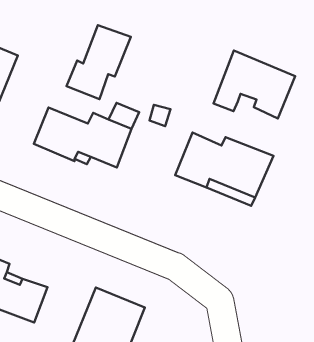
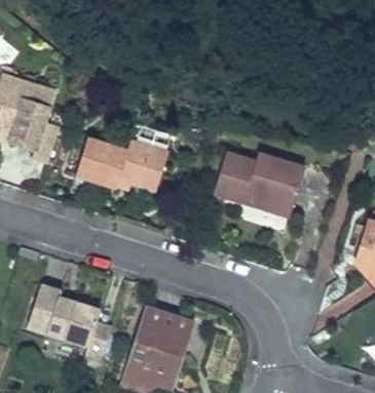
building: [67,25,131,99] -> none
building: [213,51,295,119] -> none

